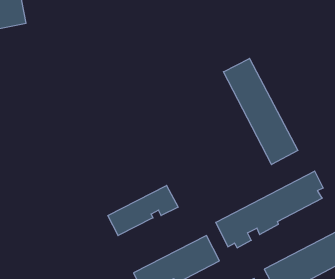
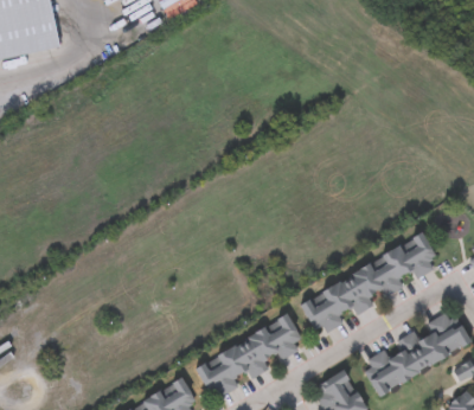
building: [223,58,298,165] -> none
building: [108,185,178,236] -> none

